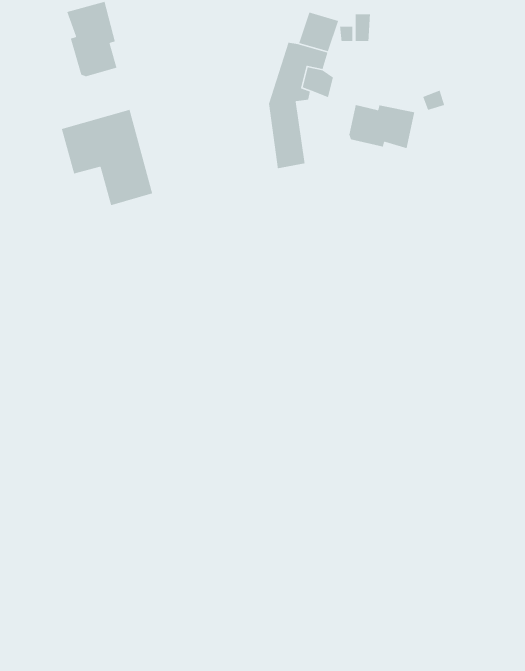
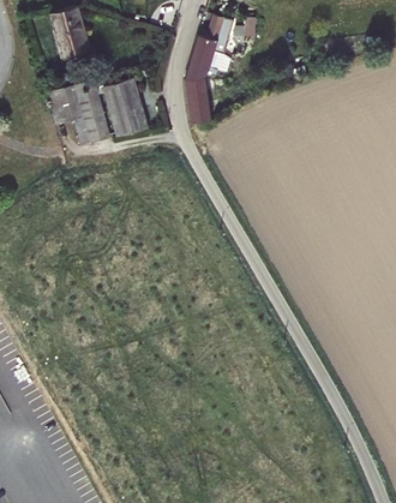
building: [348,104,415,149] -> none
building: none -> [102,79,148,137]

